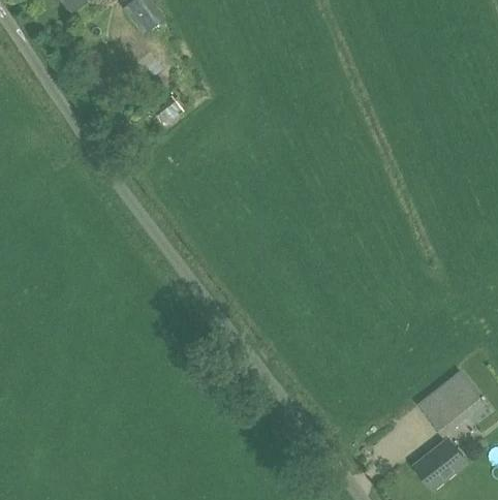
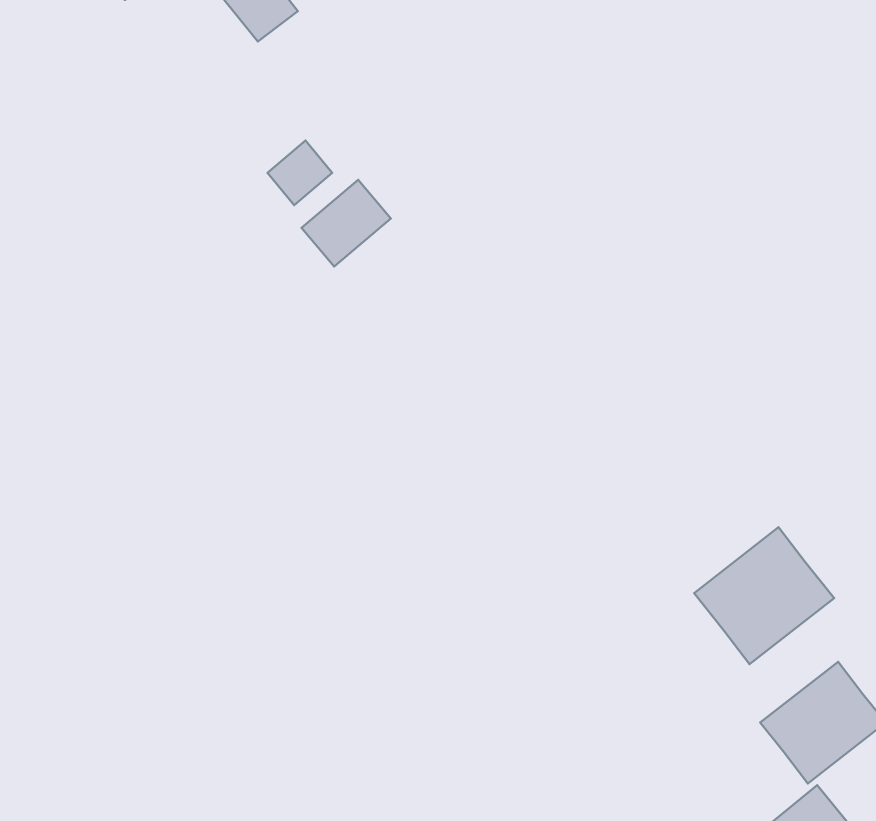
building: none -> [302,180,391,267]
building: none -> [694,527,834,664]

